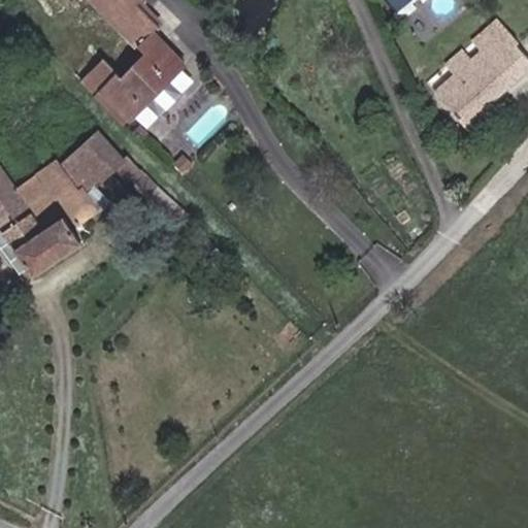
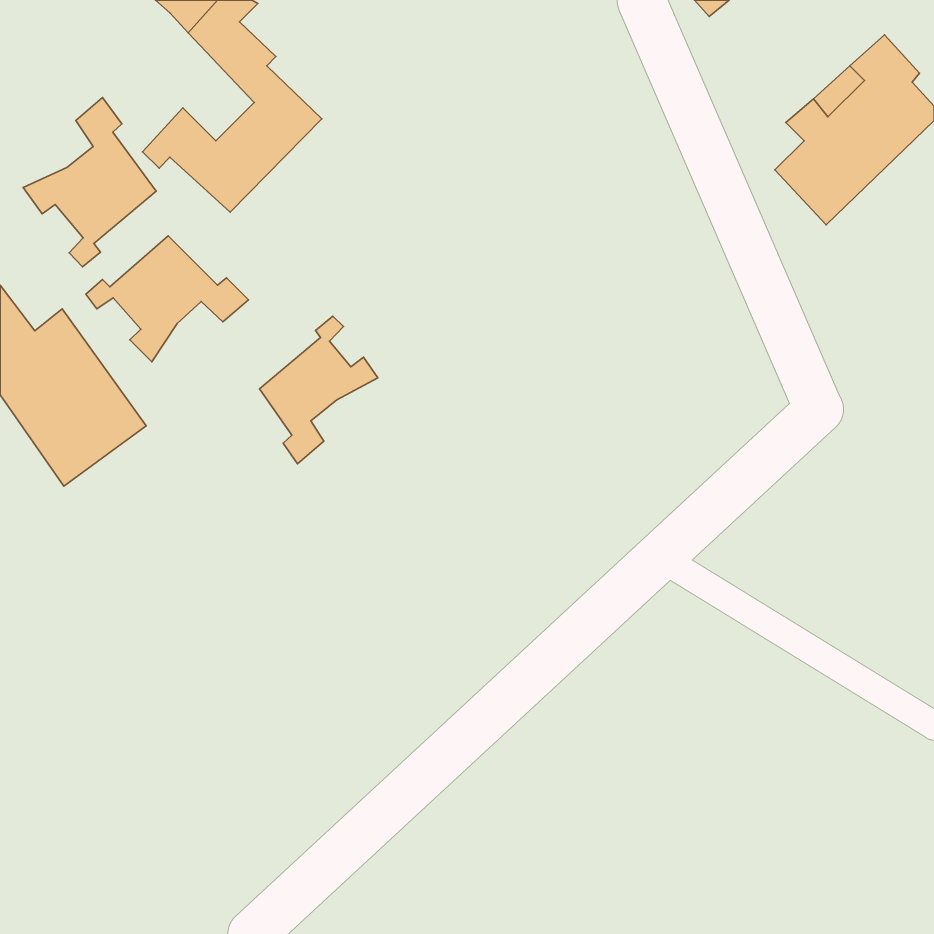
building: none -> [23,98,156,267]
building: none -> [260,316,378,464]

